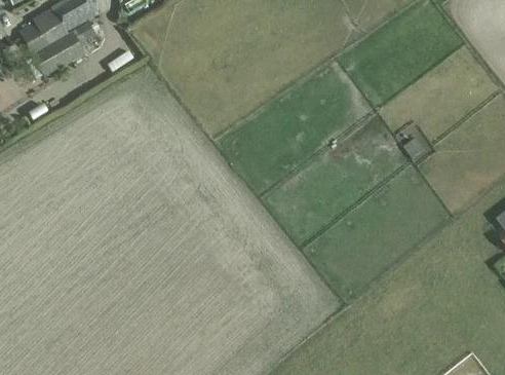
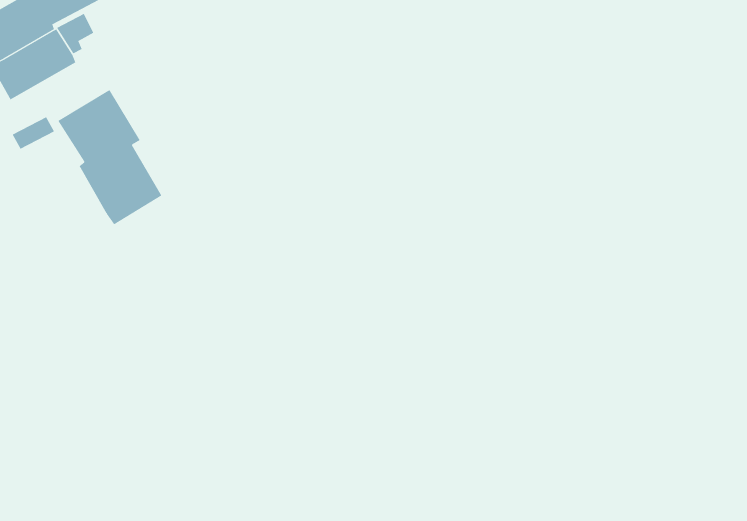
building: none -> [57,89,162,225]

